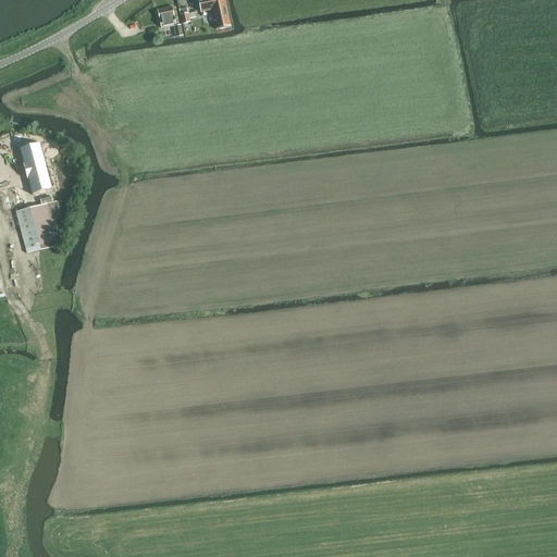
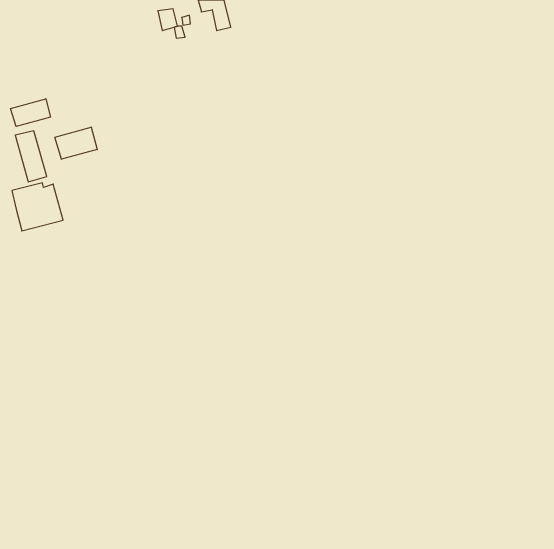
building: none -> [11,99,51,126]
building: none -> [55,127,97,159]

